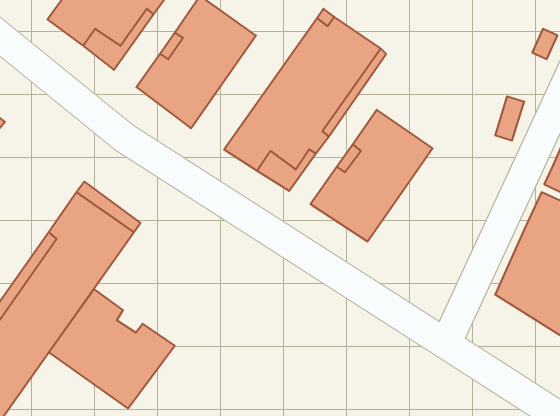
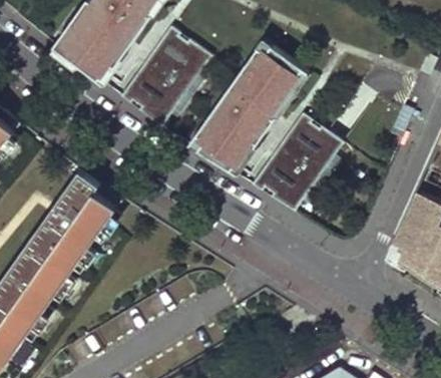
building: [49,289,175,408] -> none

